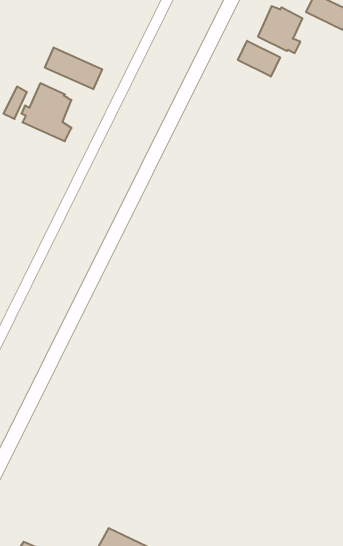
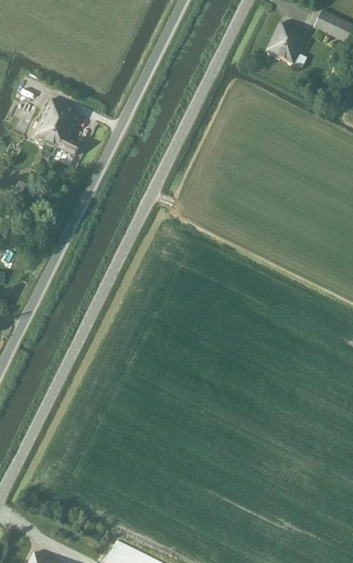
building: [238,41,280,77] -> none
building: [45,47,102,89] -> none

